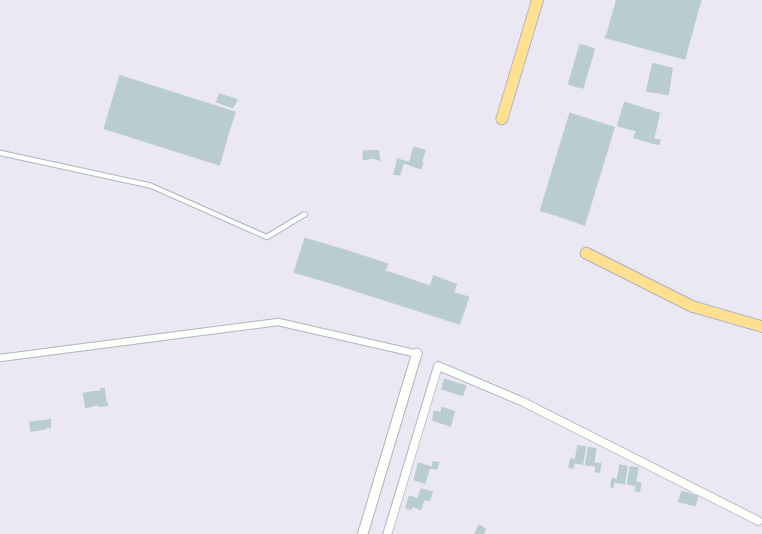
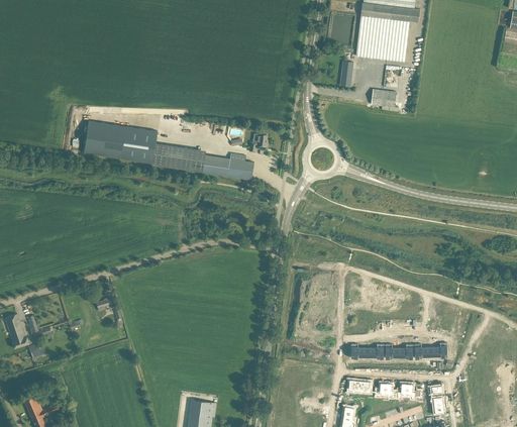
building: [539,111,616,227] -> none
building: [293,237,471,326] -> [151,143,253,179]

